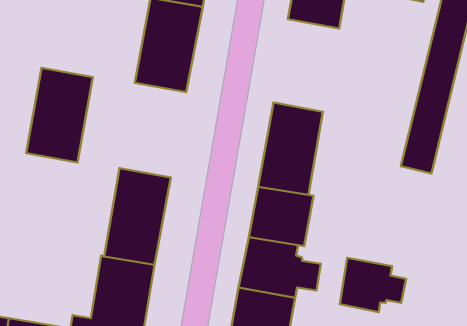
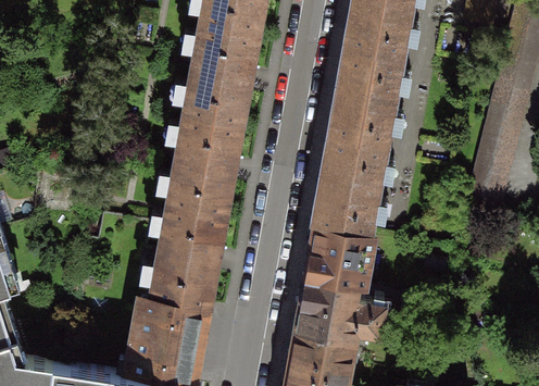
building: none -> [331,52,401,150]
building: [26,68,93,162] -> [168,120,239,220]
building: [340,258,406,312] -> none

